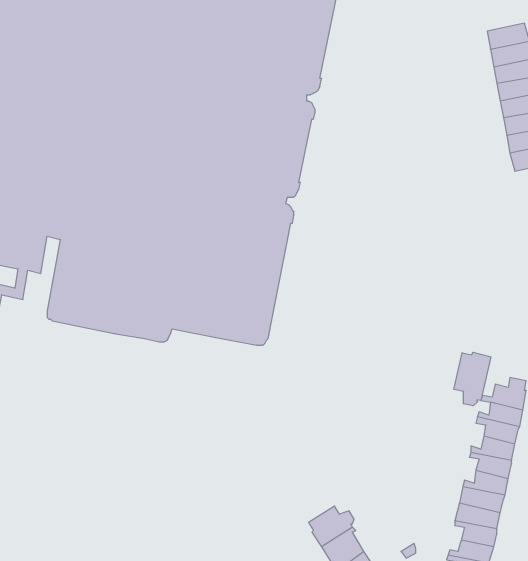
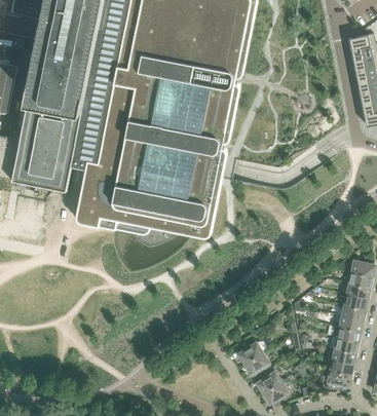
building: [454,352,491,406] -> none

